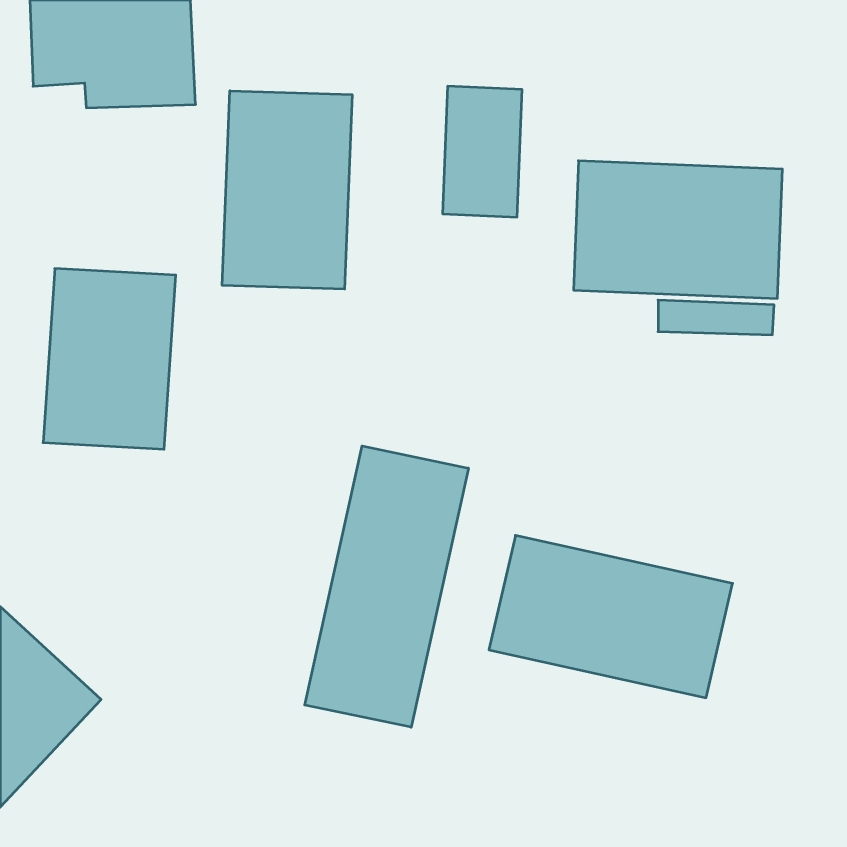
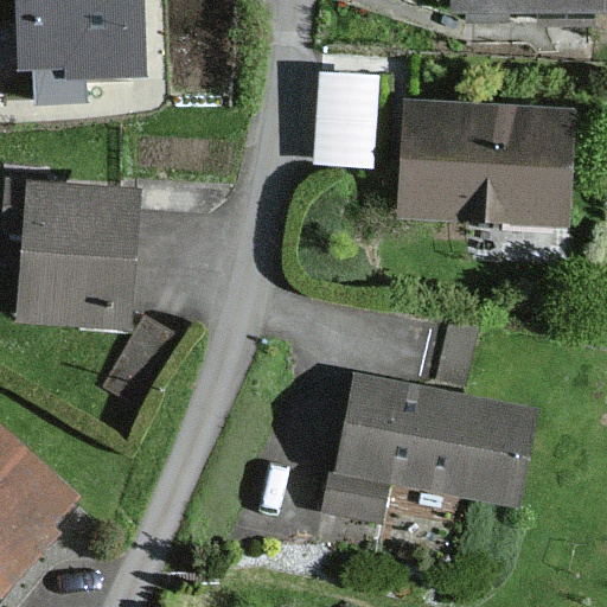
building: [222,91,352,289] -> none
building: [305,446,468,727] -> none

